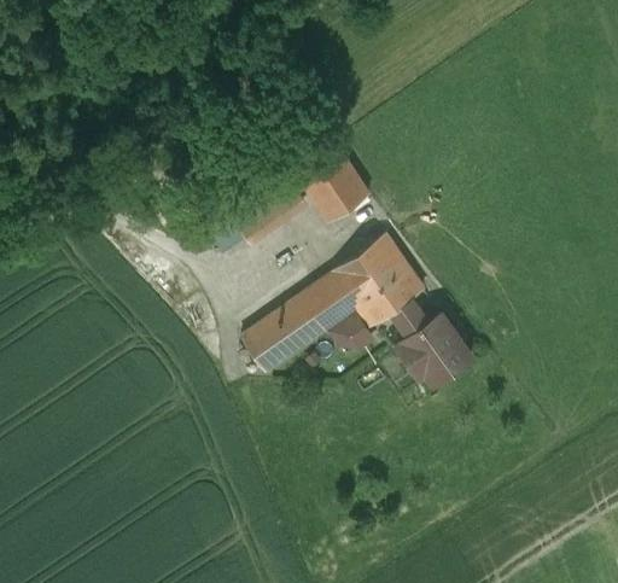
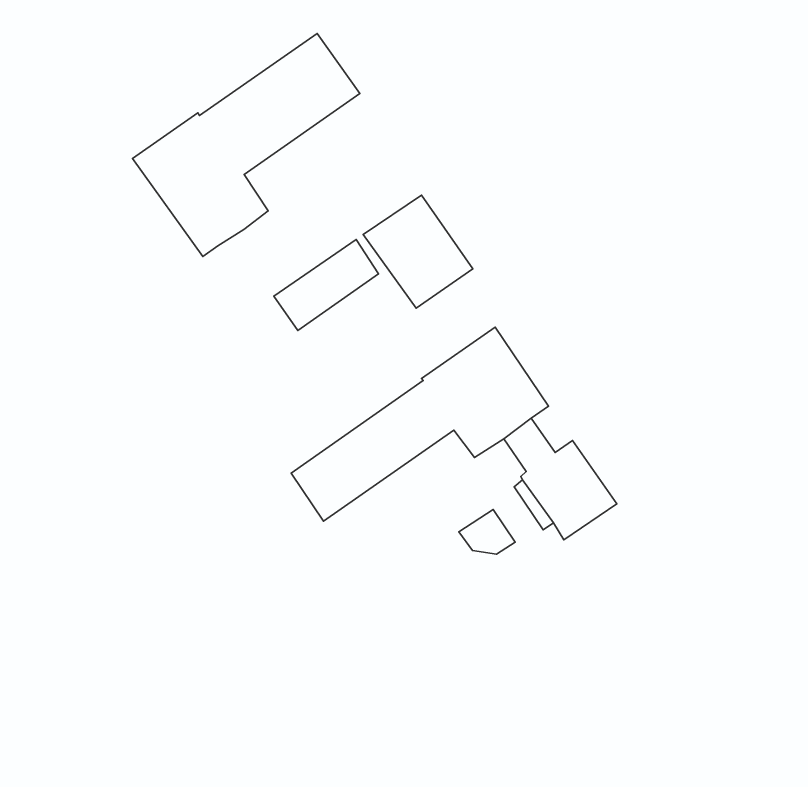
building: none -> [132,34,360,257]
building: [332,317,372,349] -> [459,509,515,554]

